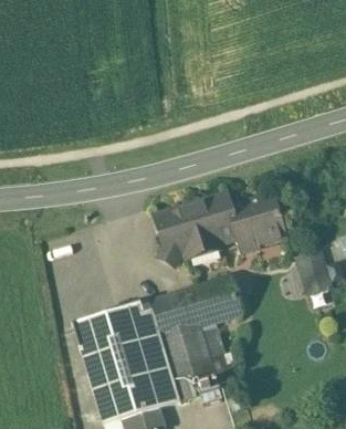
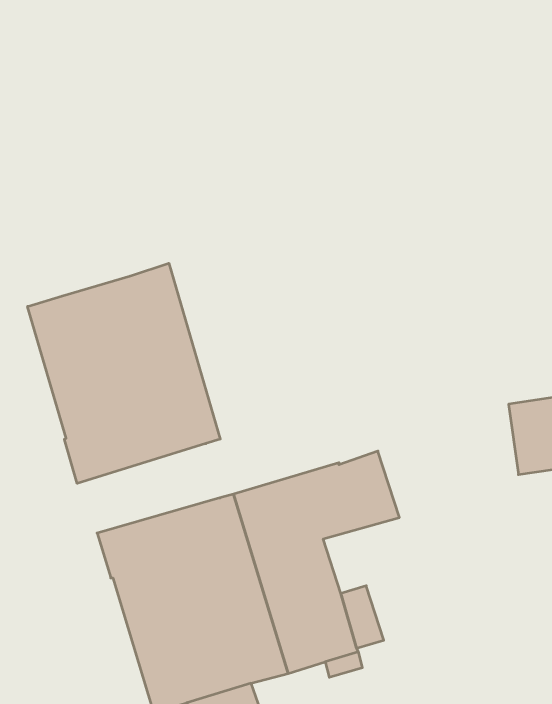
building: none -> [28,263,220,483]
building: [154,195,284,257] -> none

